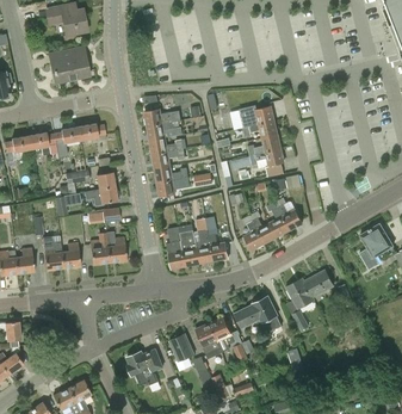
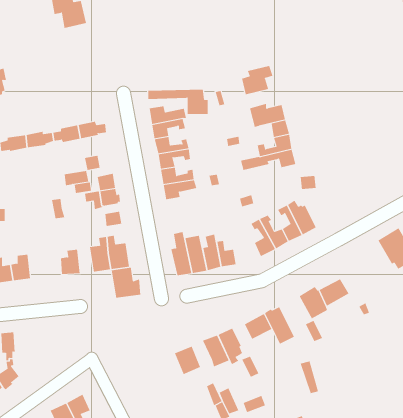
building: [50,47,89,82] -> none
building: none -> [241,65,273,95]
building: [43,236,63,270] -> none
building: none -> [111,267,141,299]
building: [126,350,163,385] -> none

